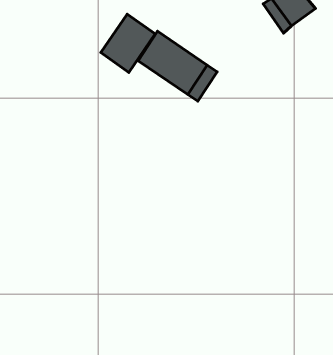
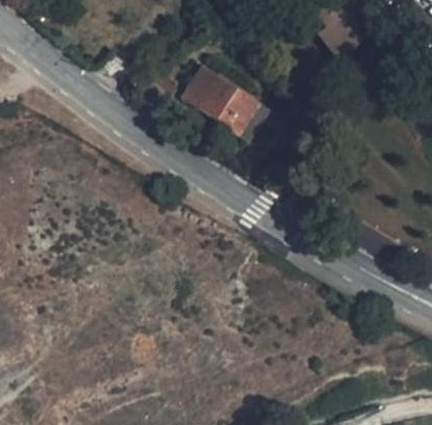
building: [101,14,155,72] -> none

